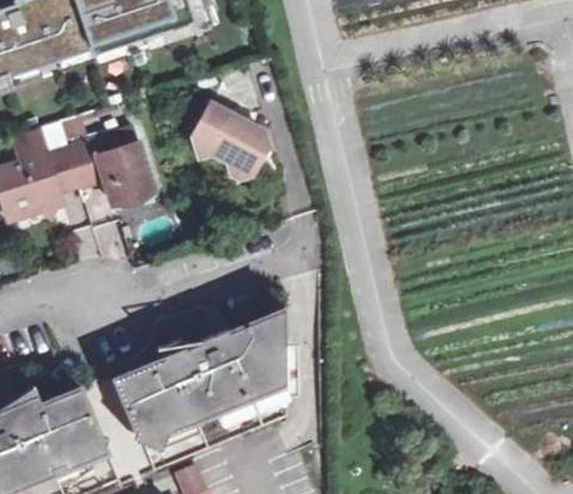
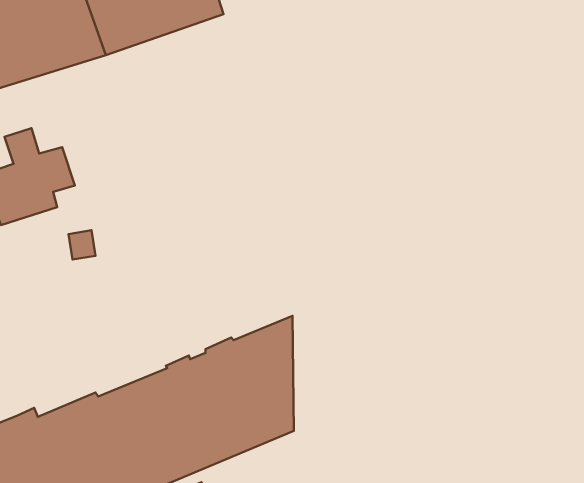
building: [190,92,274,183] -> none
building: [61,126,148,205] -> none

